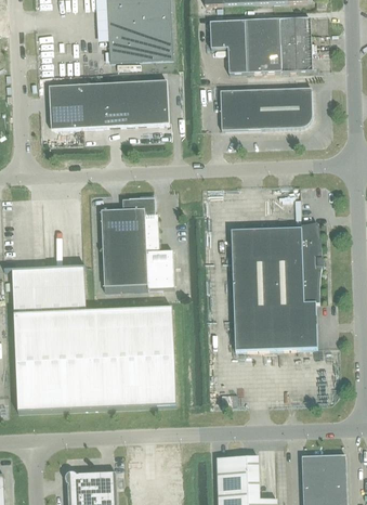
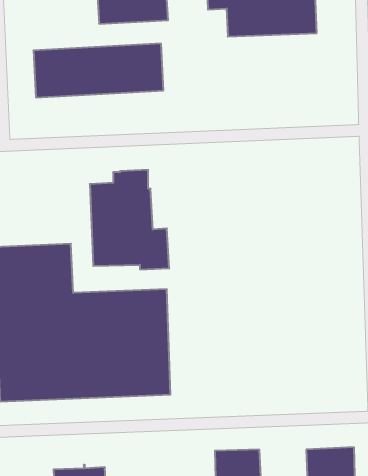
building: [220,87,312,129] -> none
building: [231,221,323,350] -> none

